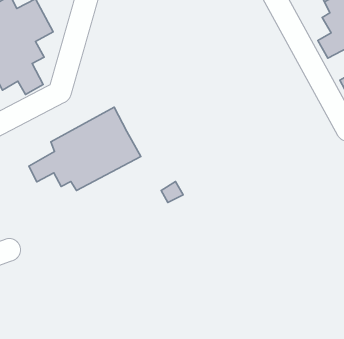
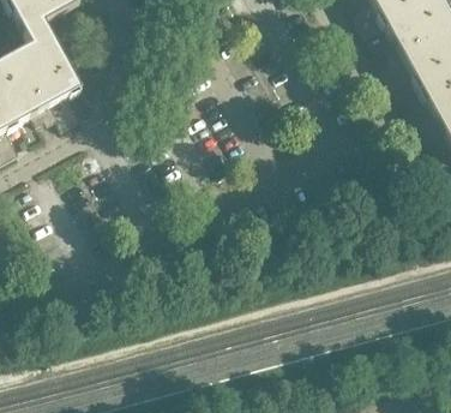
building: [29,107,141,191] -> none

